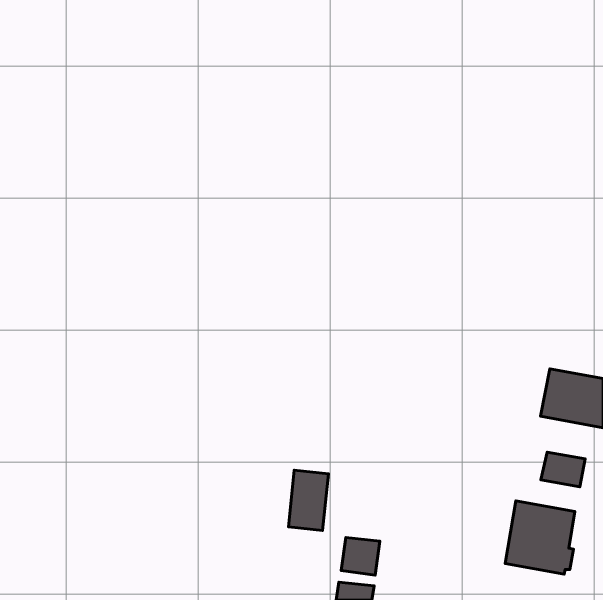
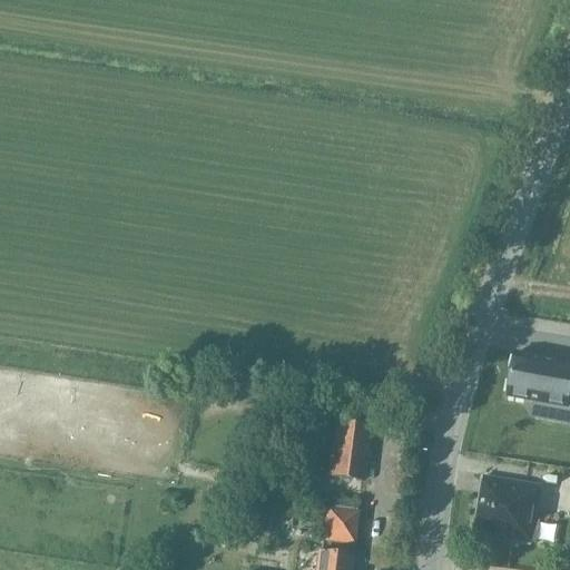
building: [541,452,585,487] -> none
building: [288,470,328,530] -> [328,423,366,480]

